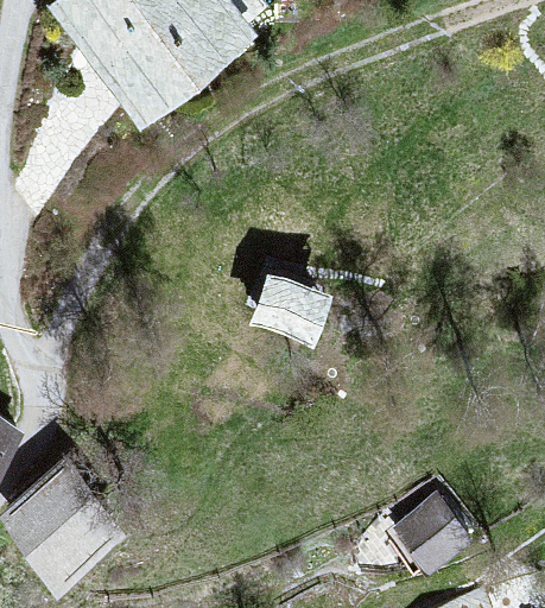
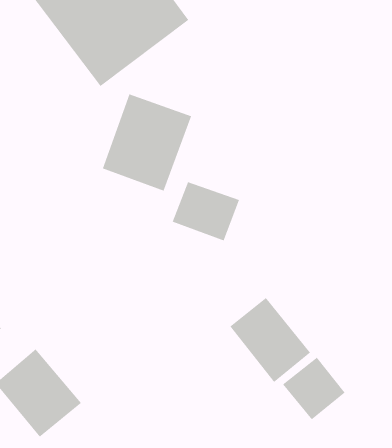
building: none -> [102,94,192,191]
building: none -> [229,297,311,383]

